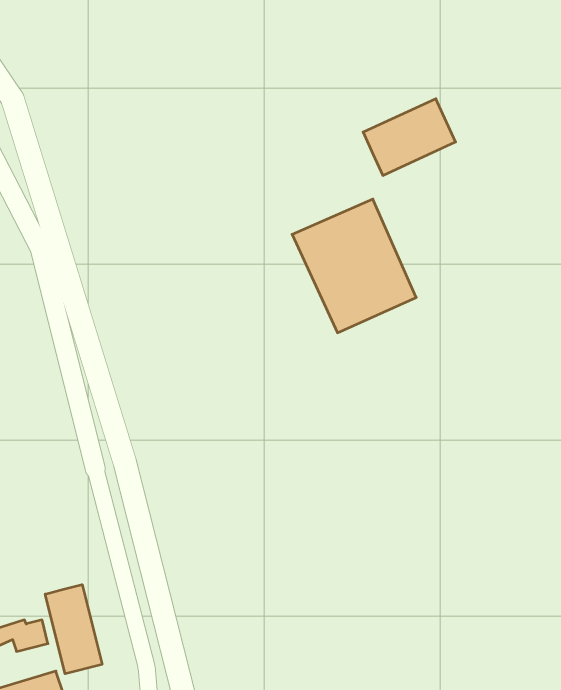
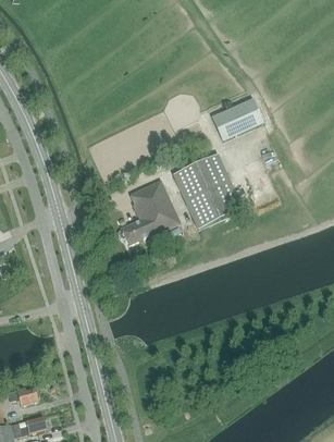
building: none -> [117,180,180,245]
building: [45,585,102,674] -> none

